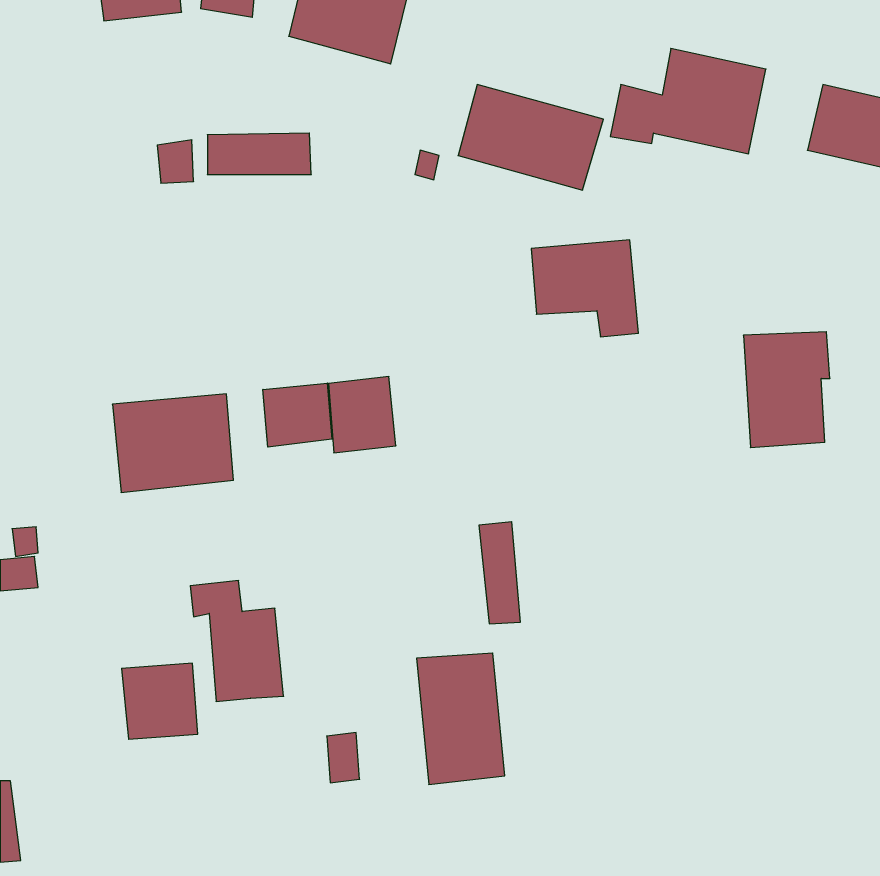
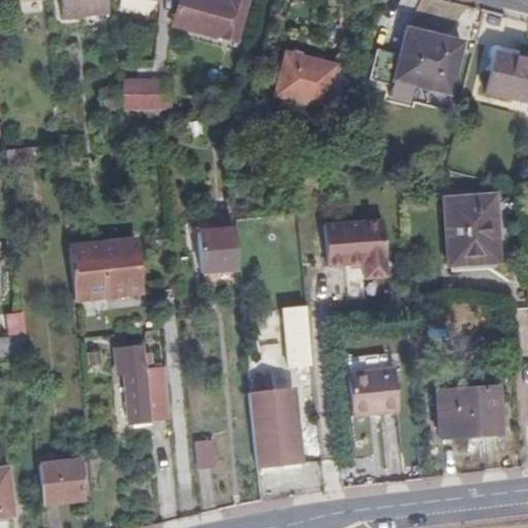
building: [531,240,638,337] -> [327,222,391,279]
building: [263,383,332,447] -> none
building: none -> [350,369,400,416]
building: none -> [435,389,499,439]
building: [122,663,198,739] -> [38,458,84,503]

